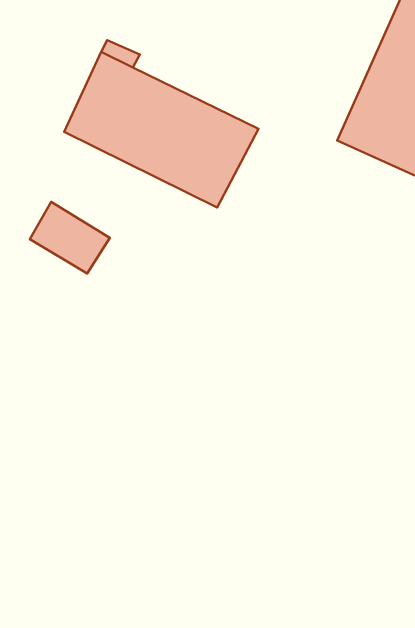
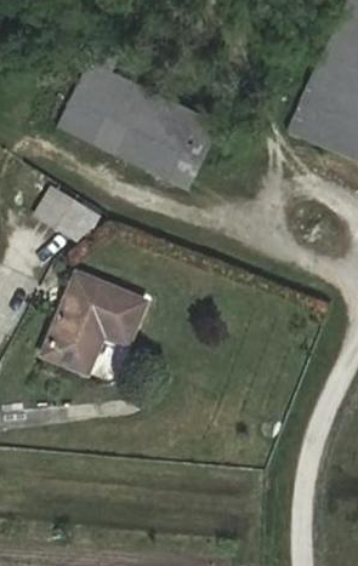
building: none -> [45,270,147,371]

